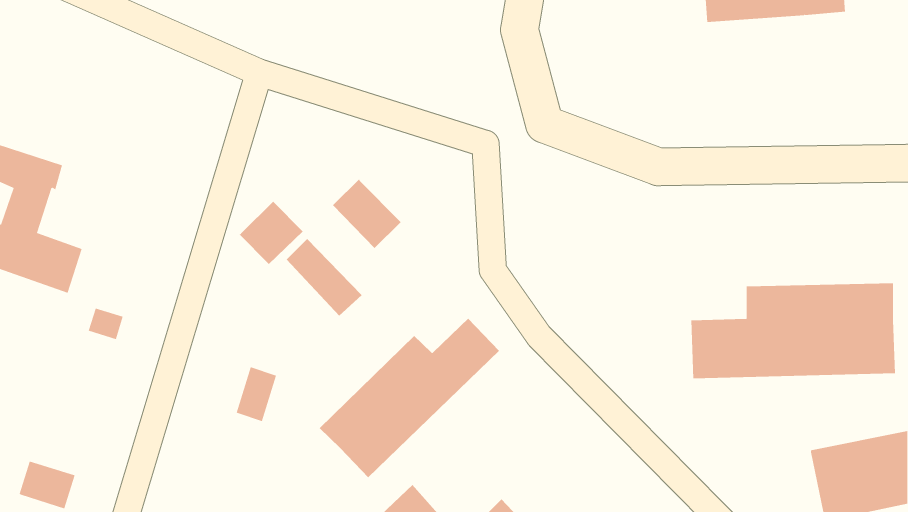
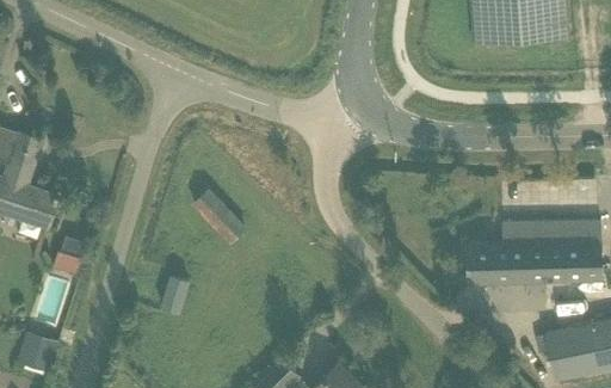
building: [332,179,401,249] -> none
building: [239,201,303,265] -> none
building: [319,318,500,478] -> none

